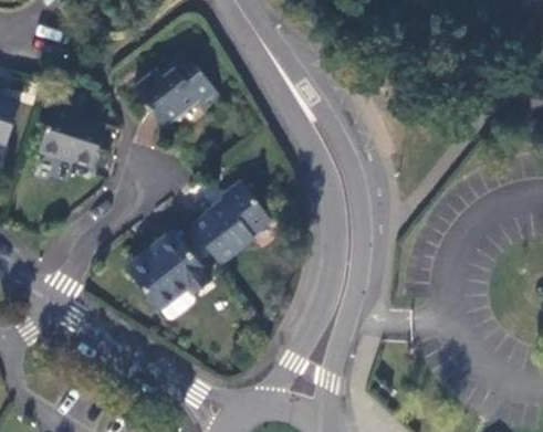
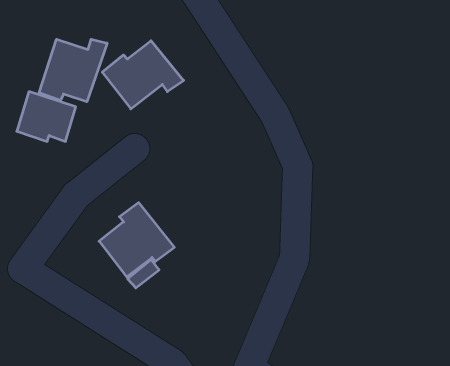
building: none -> [39,39,107,102]
building: [191,182,271,264] -> none

